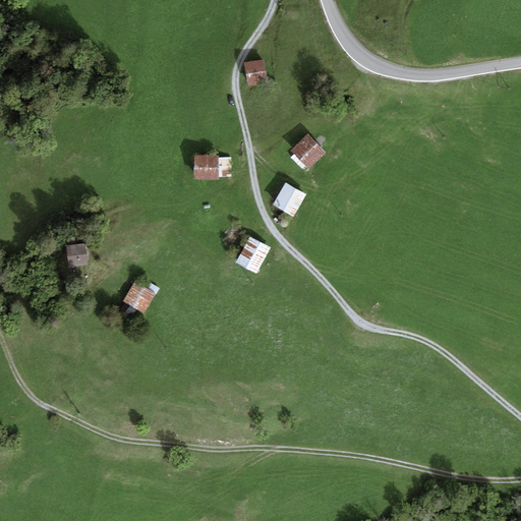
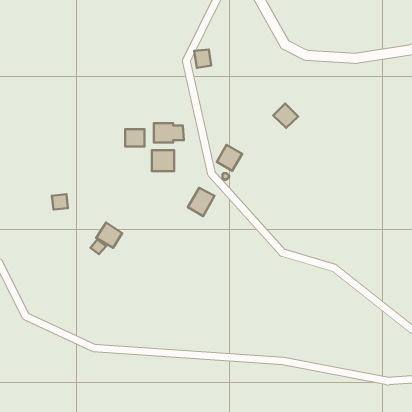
building: [292,135,324,166] -> [273,103,298,128]
building: none -> [125,129,144,147]
building: none -> [152,150,174,171]

